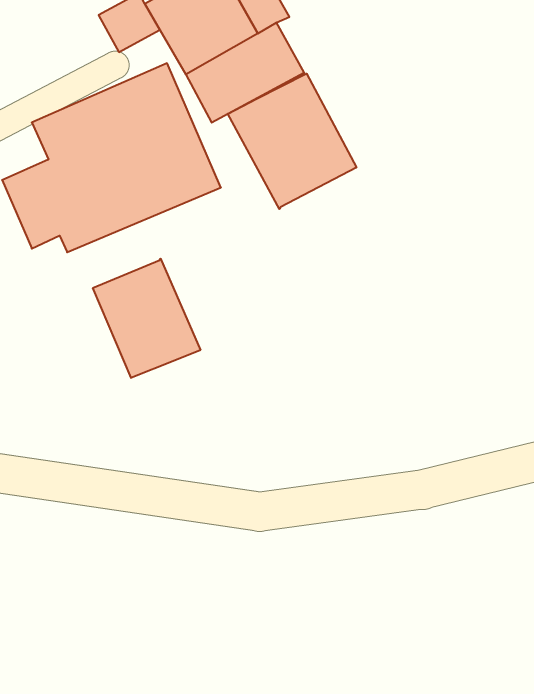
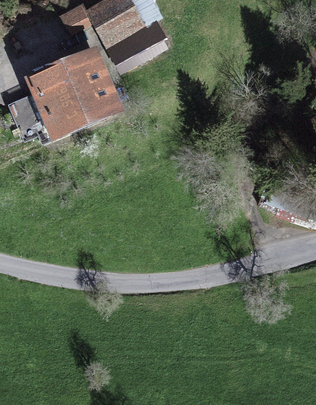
building: [228,74,356,209] -> none
building: [93,259,200,378] -> none

